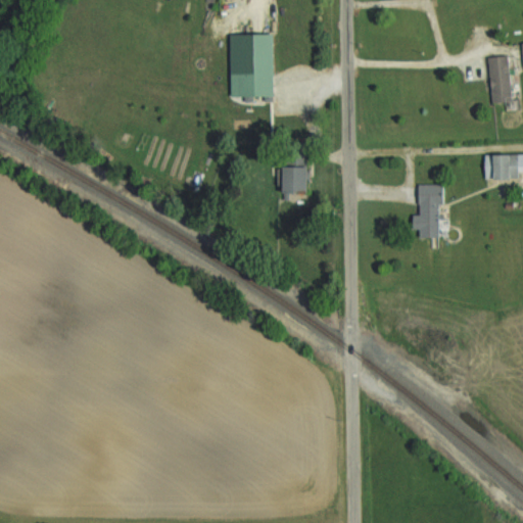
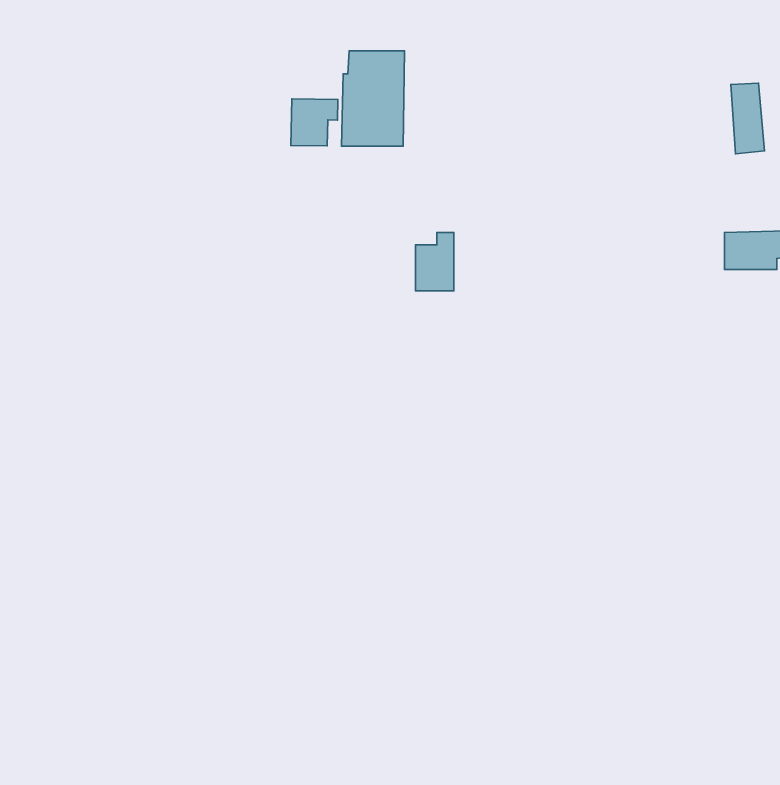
building: none -> [291,99,338,146]
building: [413,184,442,238] -> none

